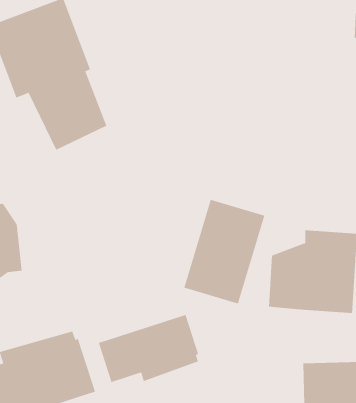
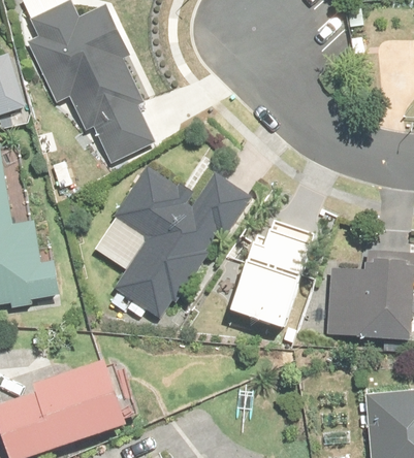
building: none -> [97,171,234,324]
building: [98,314,199,383] -> none

